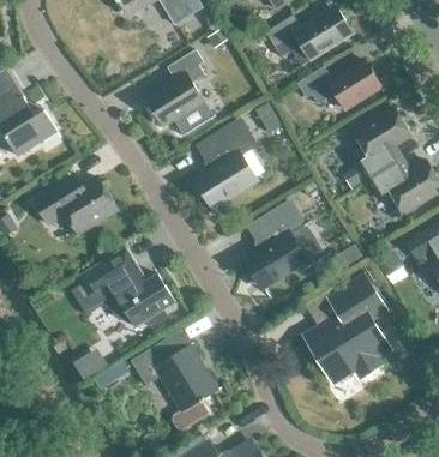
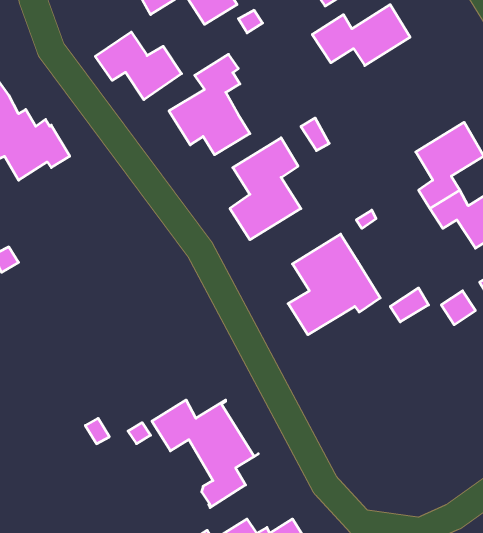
building: none -> [95,32,182,100]
building: [297,61,381,110] -> none
building: [34,173,118,233] -> none
building: [72,247,175,330] -> none
building: [306,277,389,381] -> none

